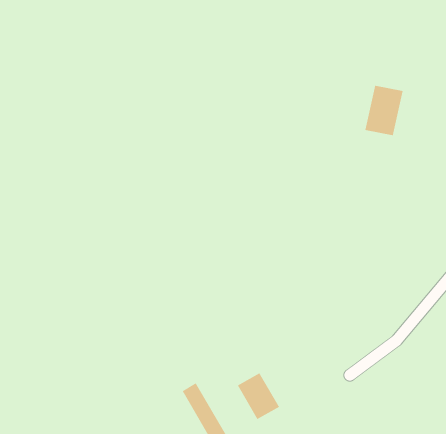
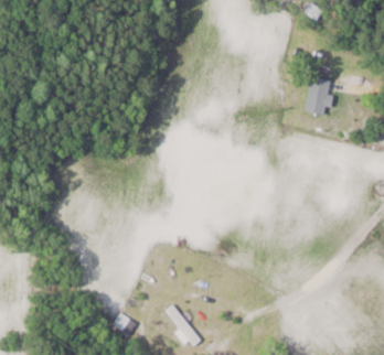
building: [237,373,280,420] -> none

